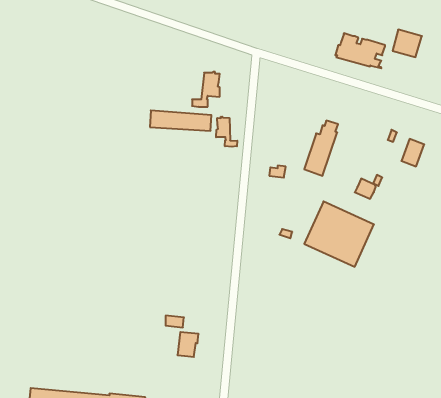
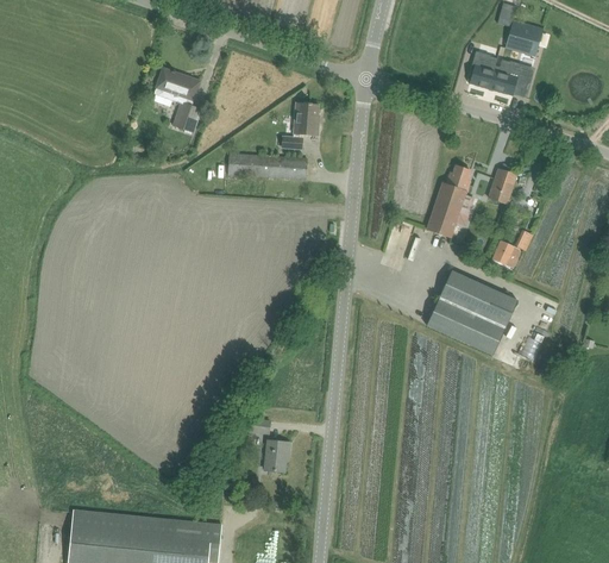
building: [393,30,422,57] -> [506,20,544,56]
building: none -> [155,68,202,135]
building: [216,117,237,147] -> none
building: [401,139,424,166] -> [488,168,517,204]

